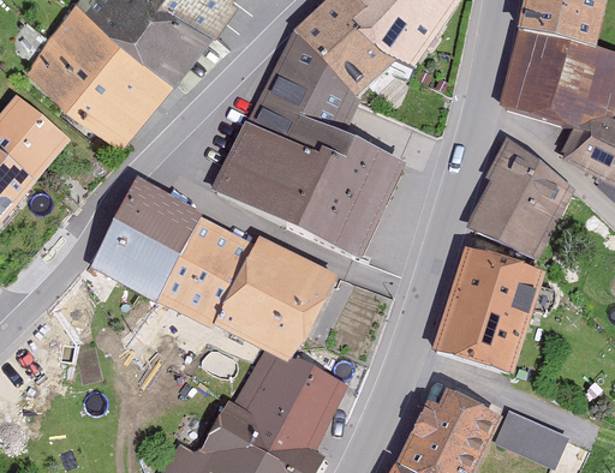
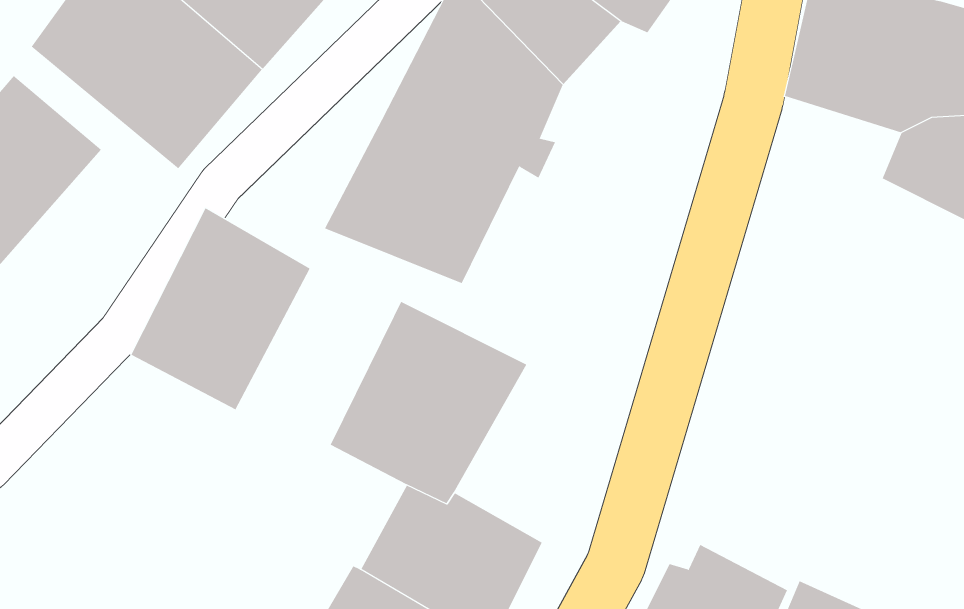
building: [297,134,405,259] -> none
building: [466,137,574,259] -> none
building: [155,214,253,329] -> none
building: [432,245,544,373] -> none

